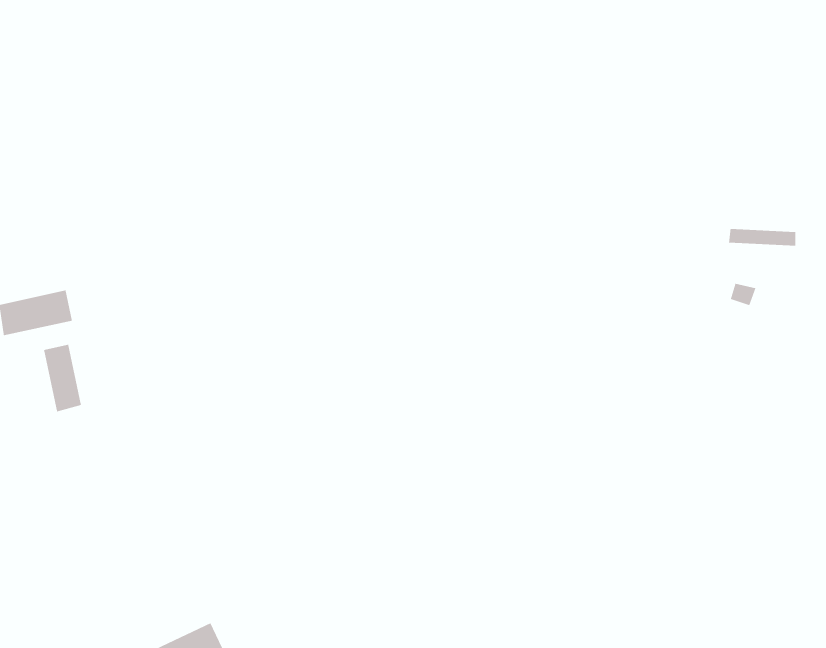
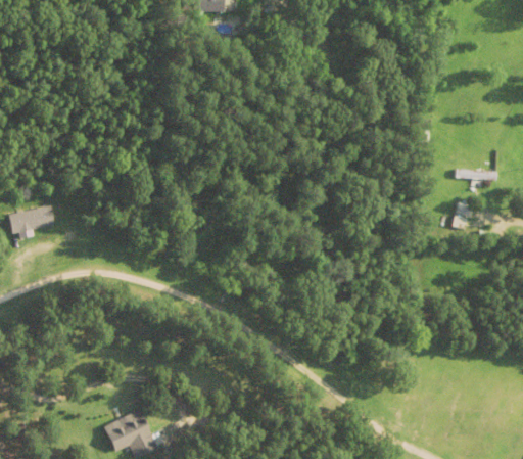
building: [43,344,82,412] -> none

